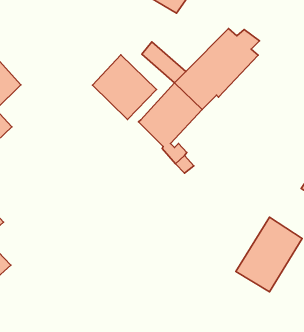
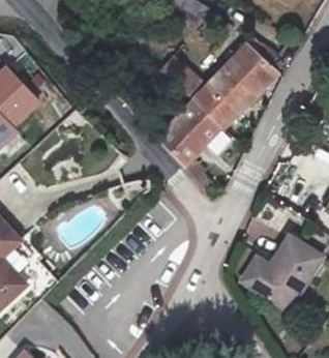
building: [93,55,157,119] -> none

